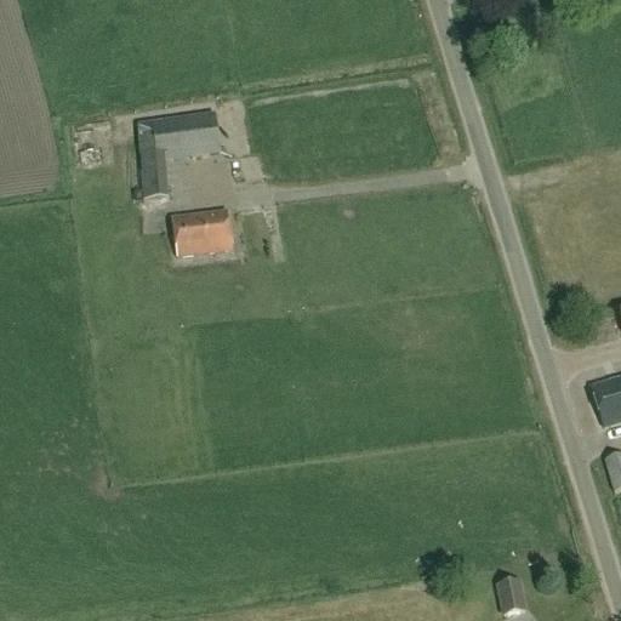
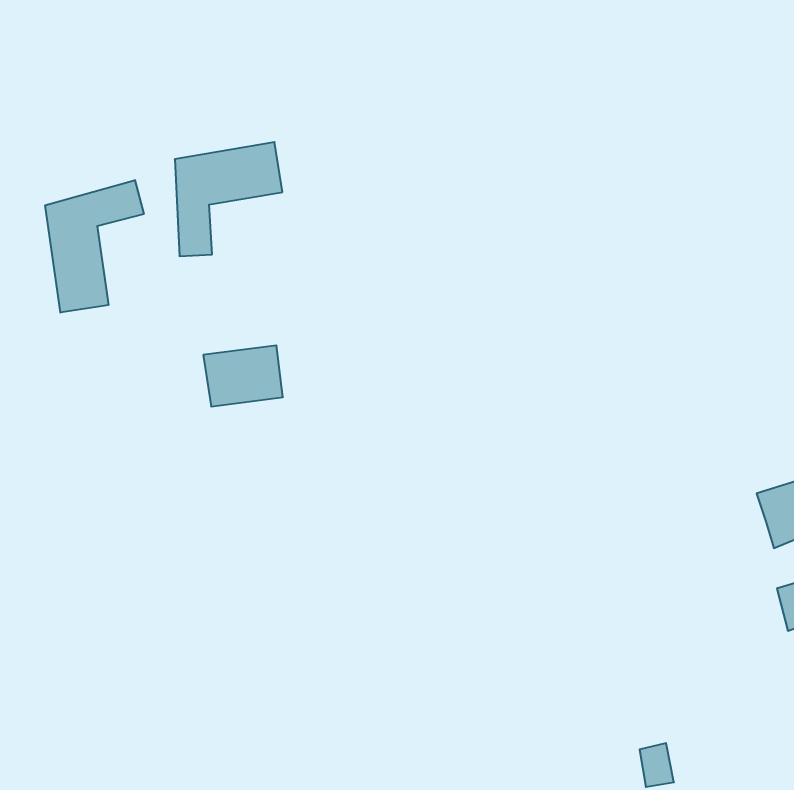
building: none -> [45,180,144,313]
building: [172,206,234,253] -> [203,346,283,406]

